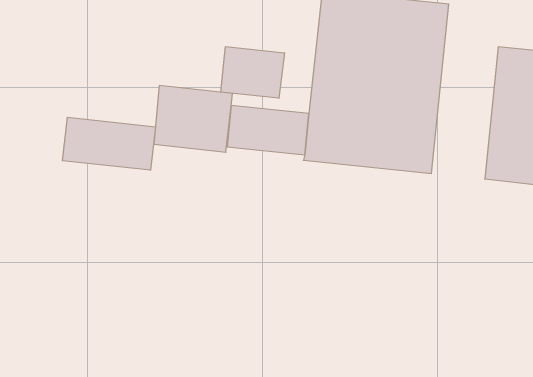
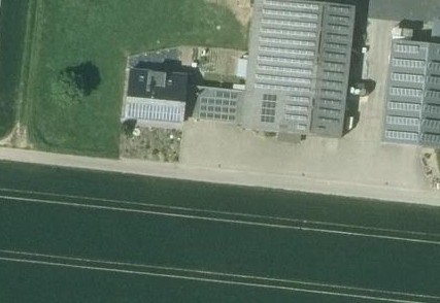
building: [221,47,284,98] -> none
building: [62,117,156,170] -> none

